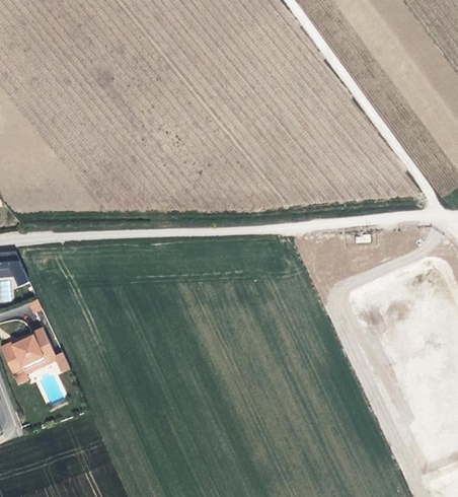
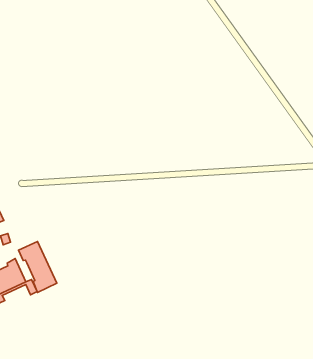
building: none -> [18,241,57,293]

